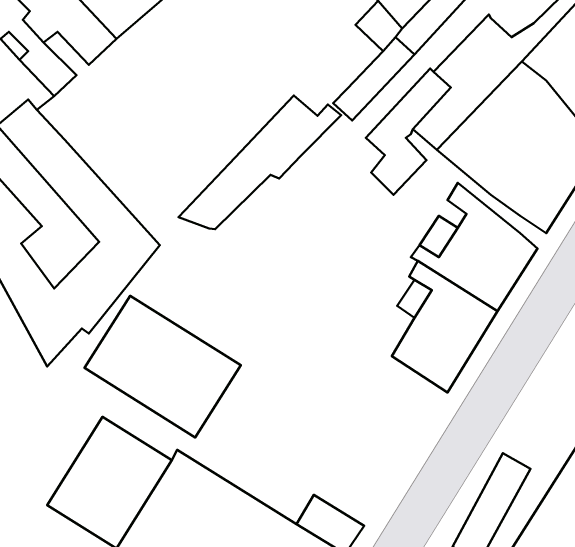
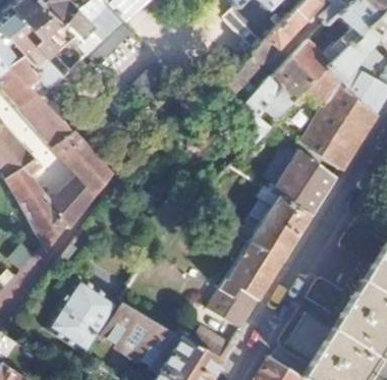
building: [179,95,341,229] -> none
building: [85,296,241,437] -> none
building: none -> [208,241,281,328]

